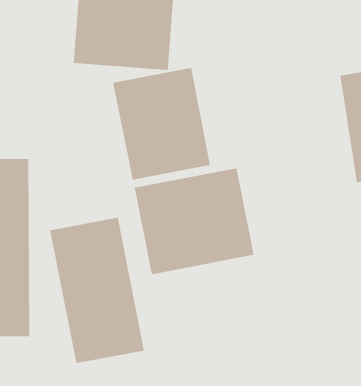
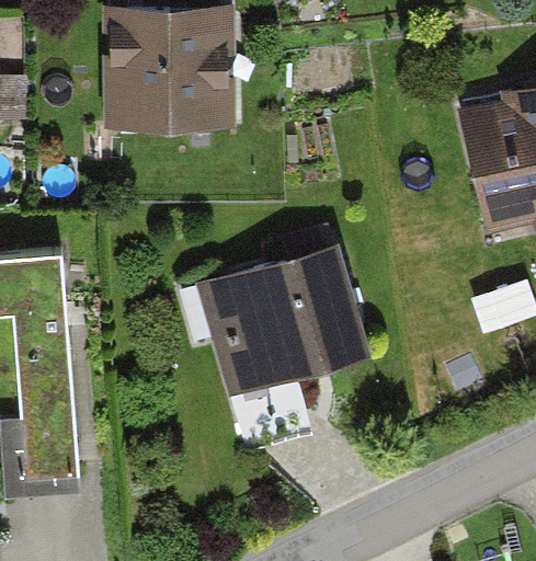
building: [112,67,211,181] -> none
building: [49,217,145,364] -> none

